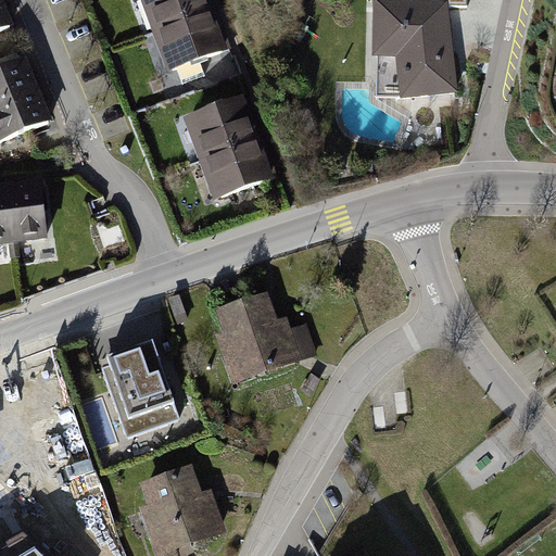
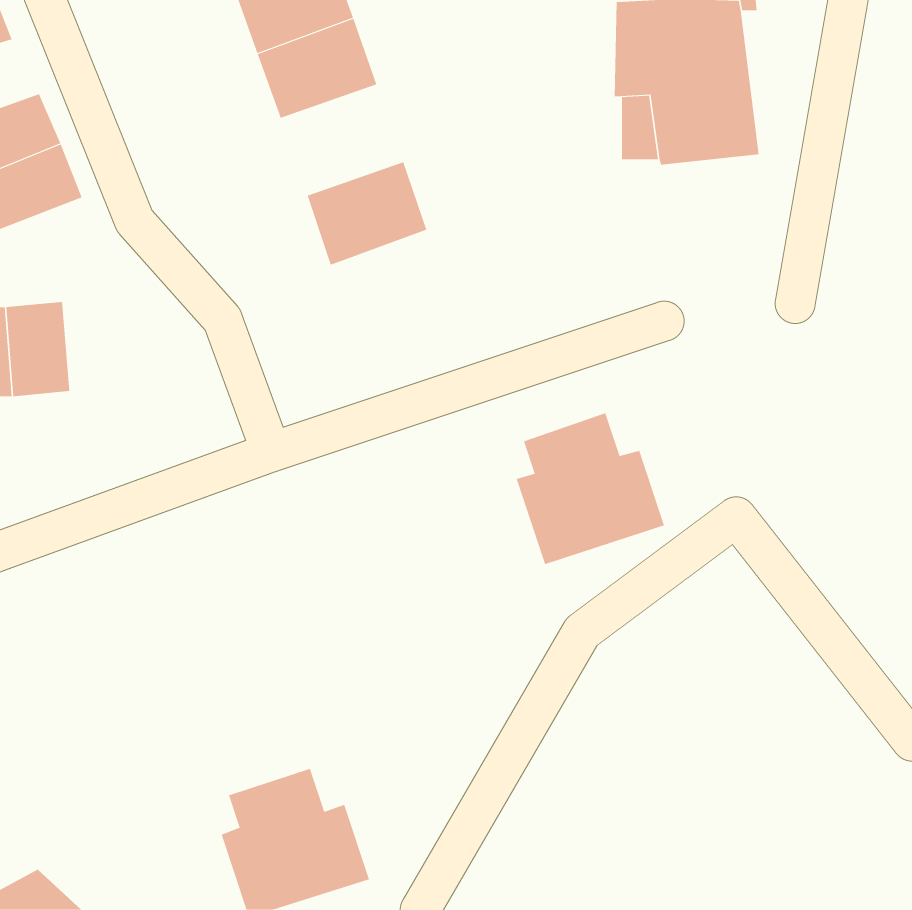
building: [200,139,274,200] -> none
building: [206,289,296,381] -> [516,412,665,565]
building: [100,341,179,438] -> none

